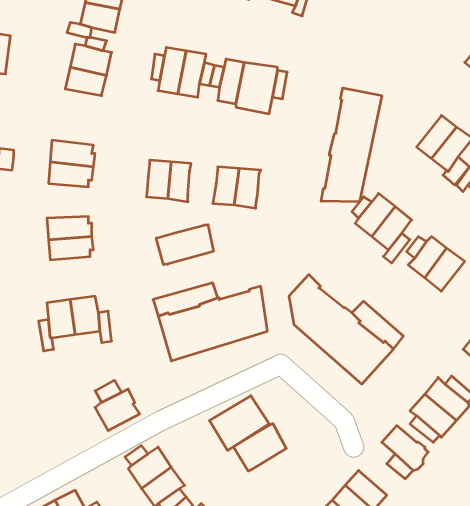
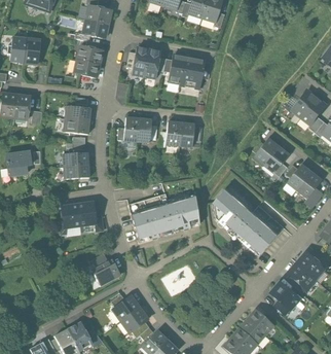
building: [321,88,382,202] -> none
building: [156,225,213,265] -> none
building: [233,424,286,471] -> none

